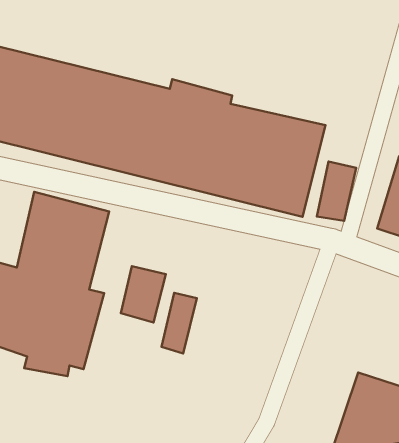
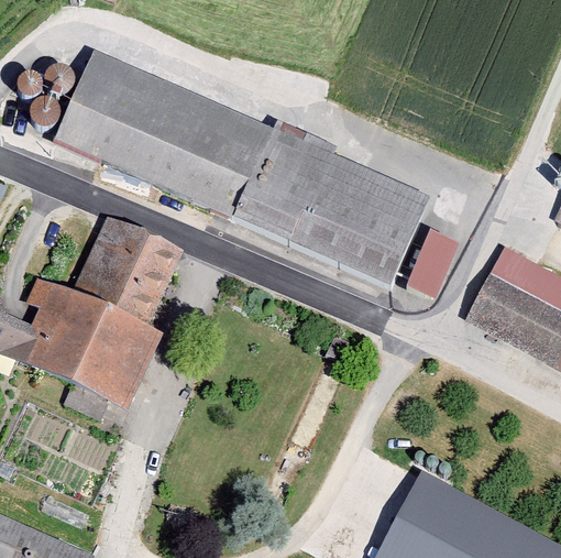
building: [121,266,166,323] -> none
building: [161,293,197,354] -> none

